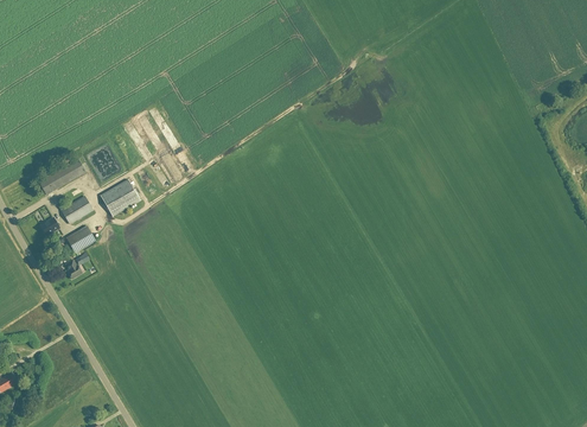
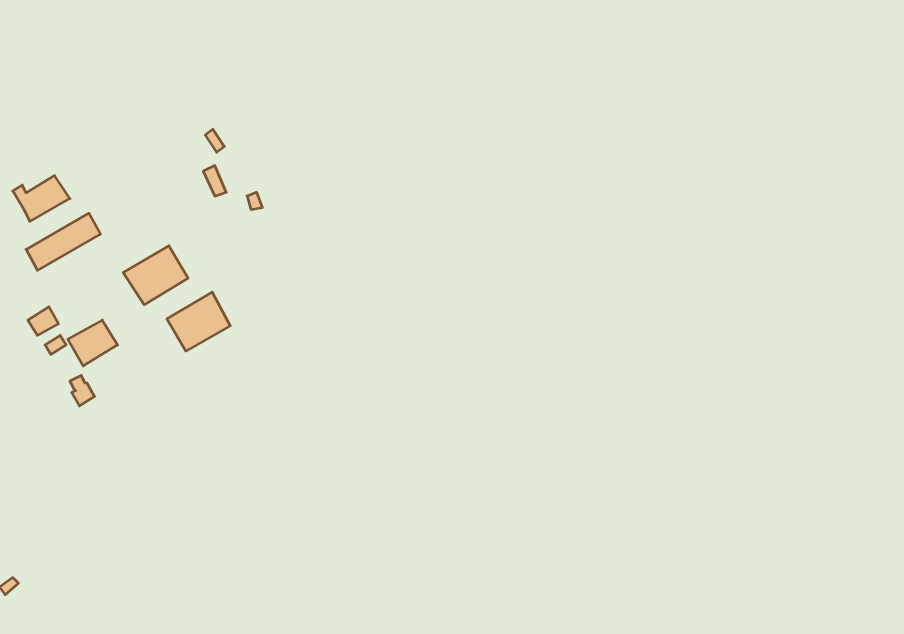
building: [57,196,92,224] -> [13,176,70,221]
building: none -> [167,292,230,351]

